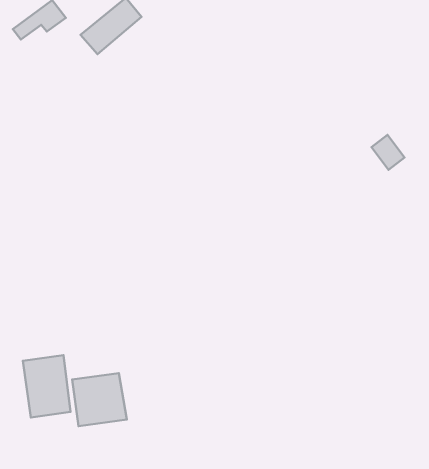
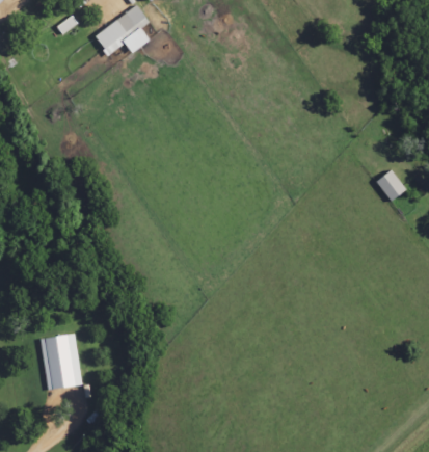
building: [372,135,404,170] -> [372,169,402,202]
building: [72,373,127,426] -> none

